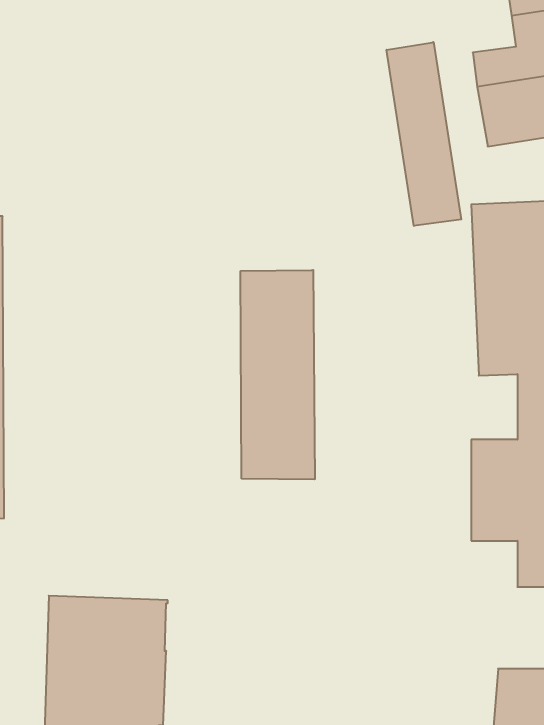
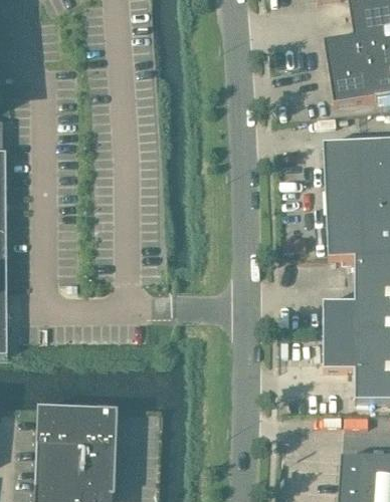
building: [387,42,461,226] -> none
building: [241,270,315,479] -> none

